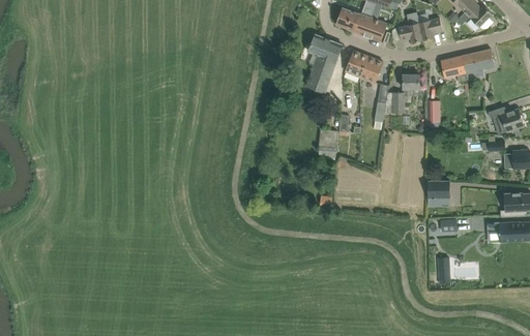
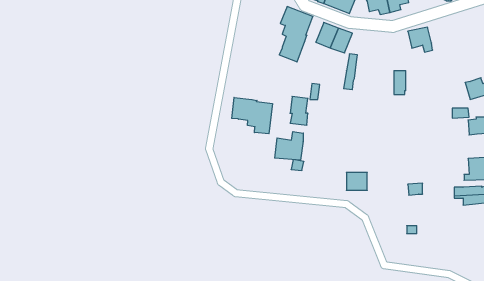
building: [462,49,495,80] -> none
building: [384,74,419,112] -> none
building: none -> [232,97,272,134]
building: none -> [275,132,303,160]
building: [428,179,449,197] -> [346,172,367,190]

